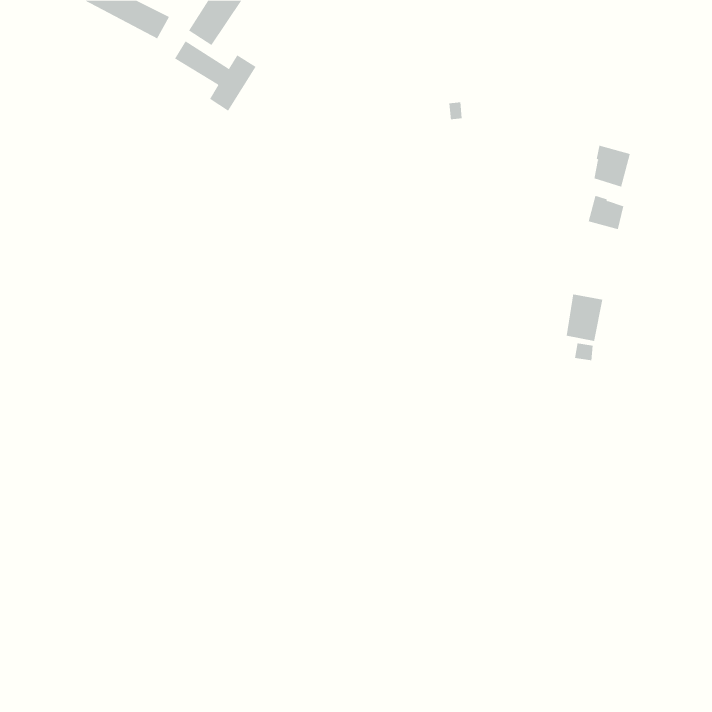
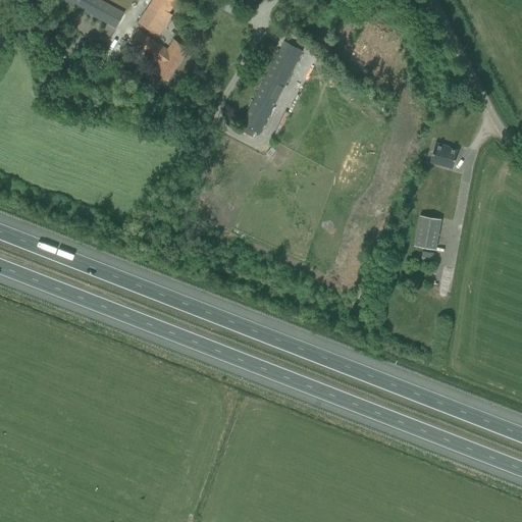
building: none -> [242,42,302,134]
building: [594,145,631,187] -> none

